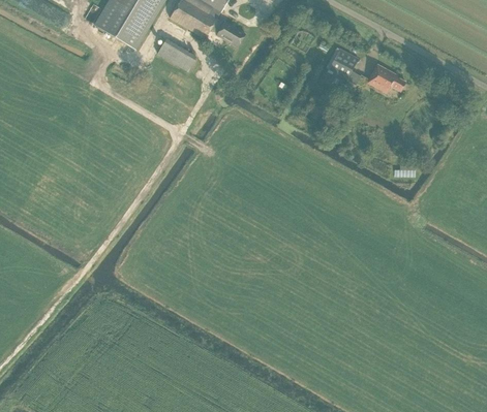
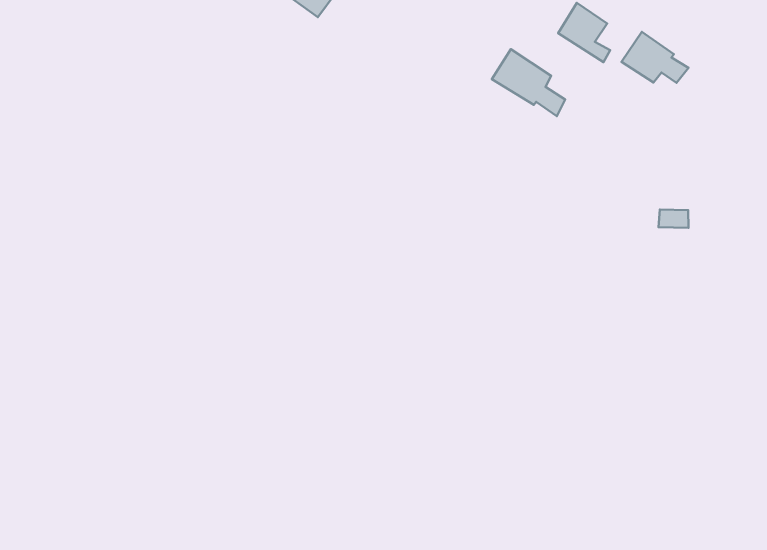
building: none -> [492,49,565,116]

